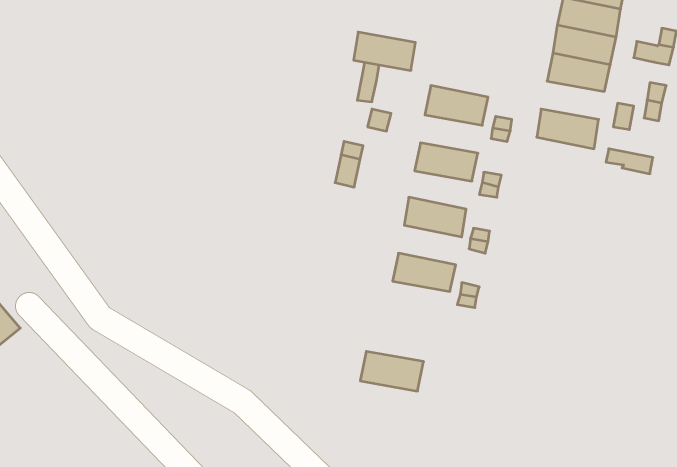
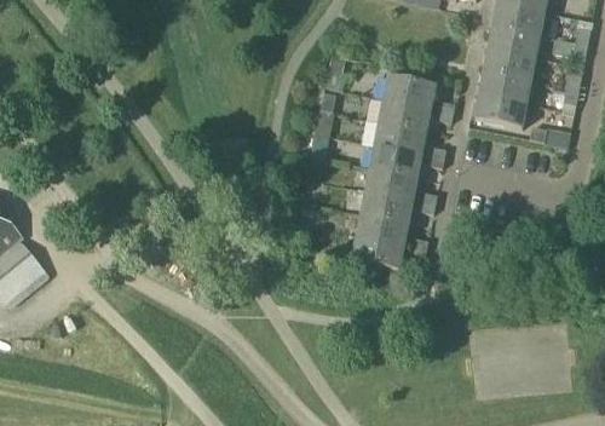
building: [354,32,415,70] -> [379,99,430,131]
building: none -> [478,71,530,103]
building: none -> [369,145,421,177]
building: none -> [361,190,413,223]
building: [360,351,424,391] -> [351,236,403,269]

